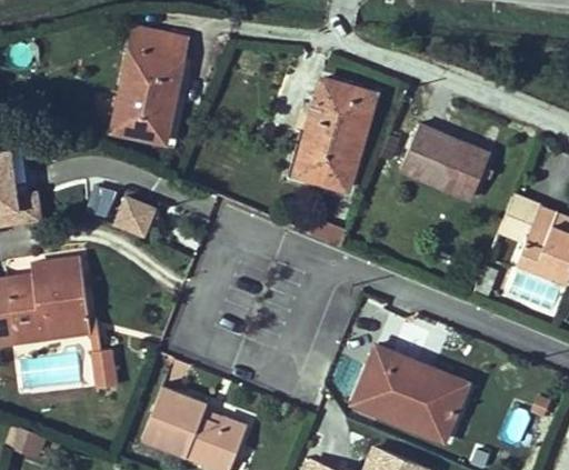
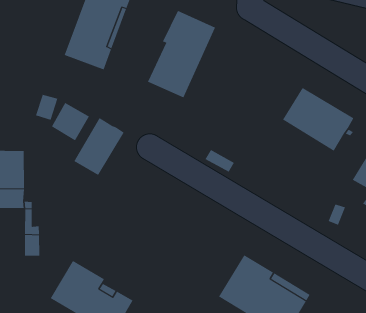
building: [298,81,373,190] -> [147,10,216,98]
building: none -> [73,117,124,176]

